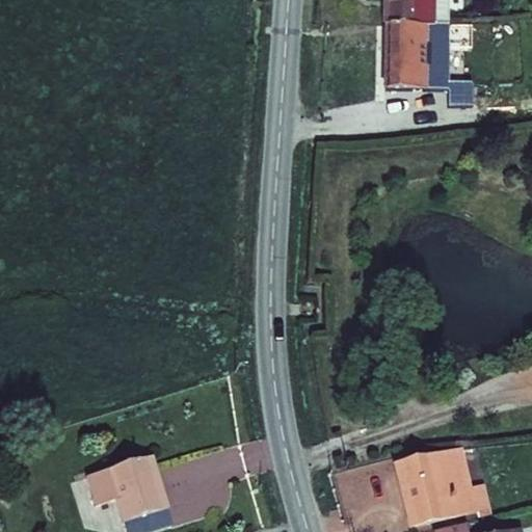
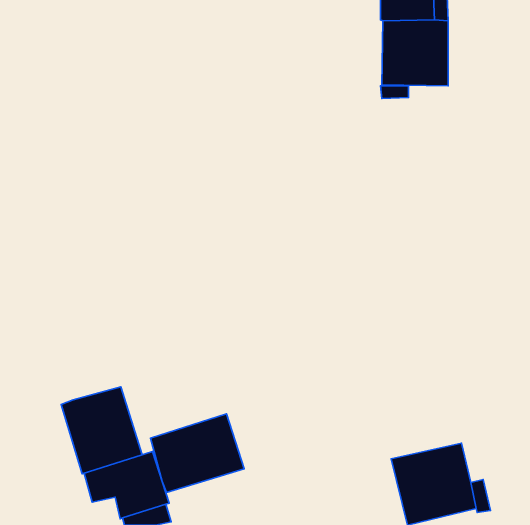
building: none -> [61,387,142,474]
building: none -> [151,414,244,492]

